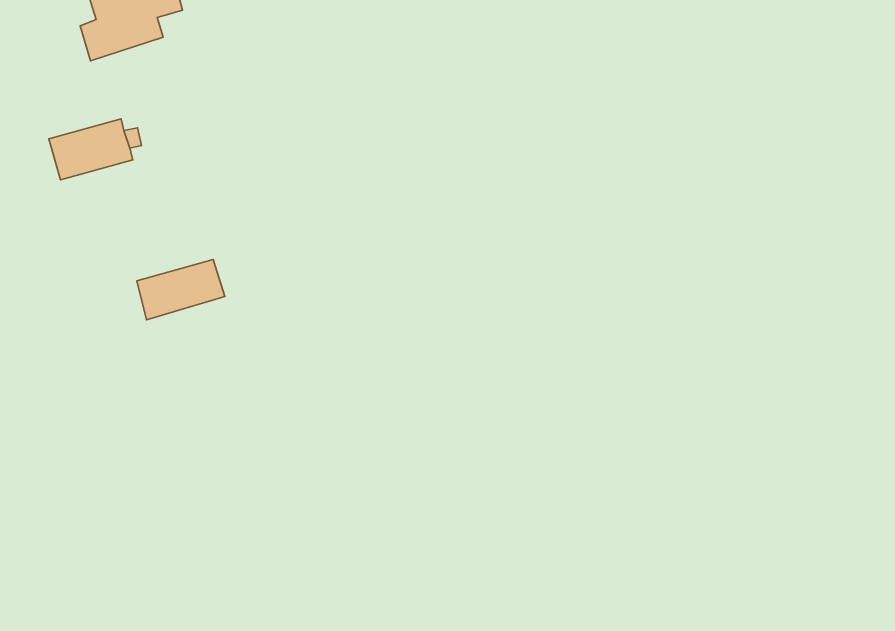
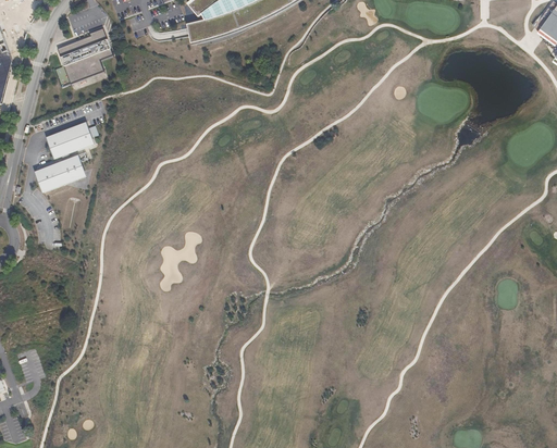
building: [137,259,225,320] -> [35,153,86,191]

